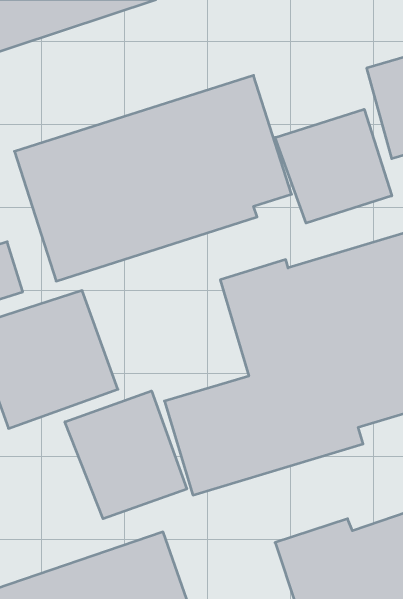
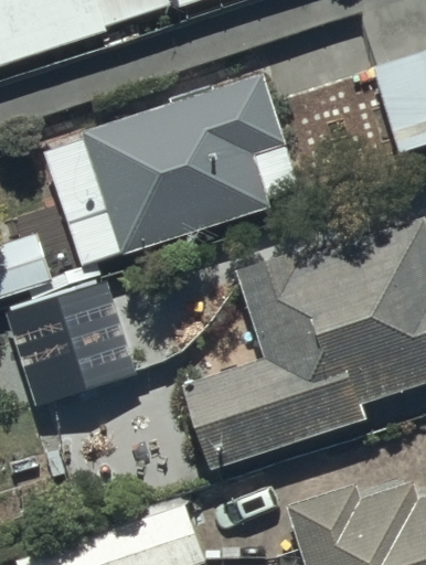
building: [275,109,392,223] -> none
building: [65,391,187,519] -> none

